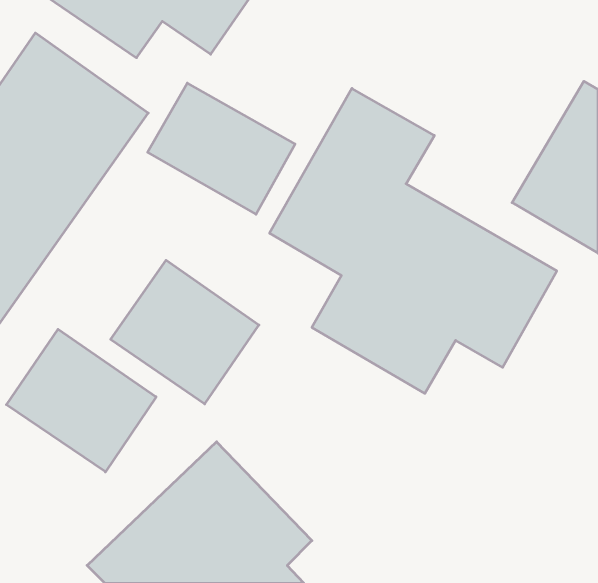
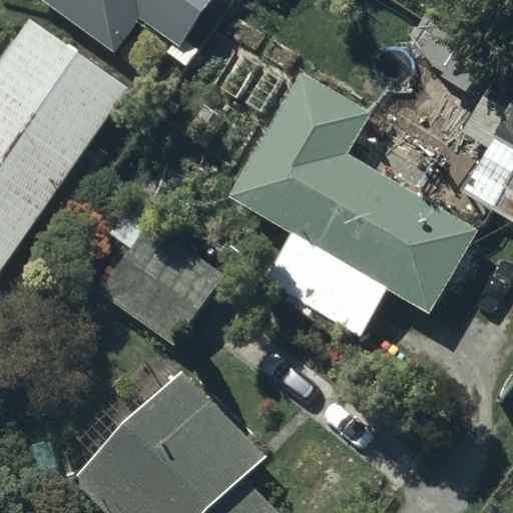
building: [148,83,295,214] -> none
building: [6,329,156,472] -> none

